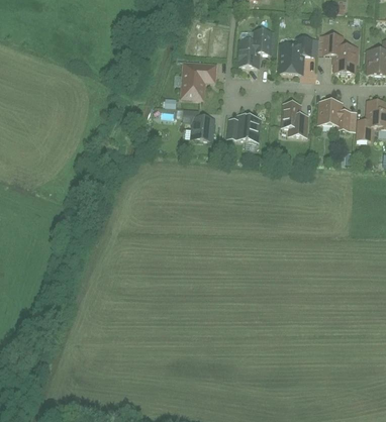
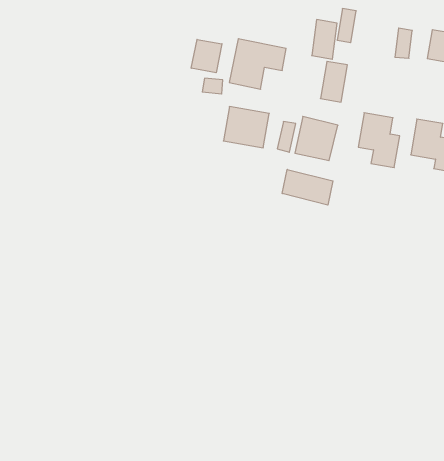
building: [279,44,294,72] -> [320,61,347,102]
building: none -> [191,39,222,73]
building: none -> [282,169,333,205]

